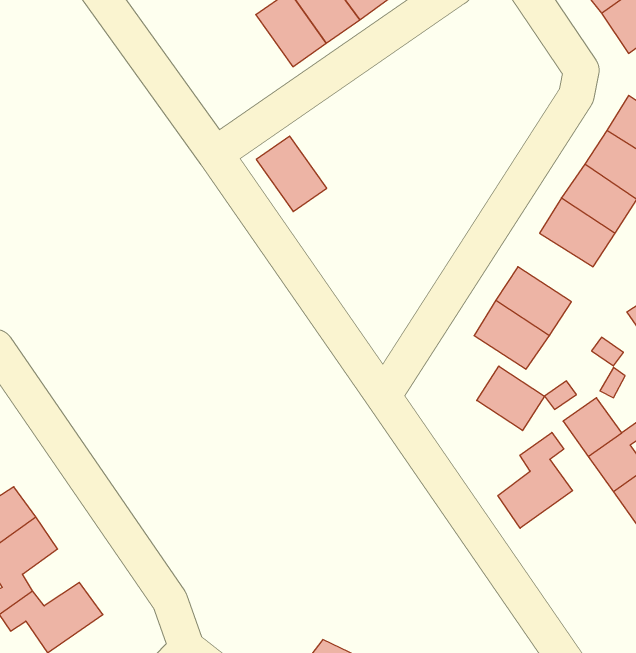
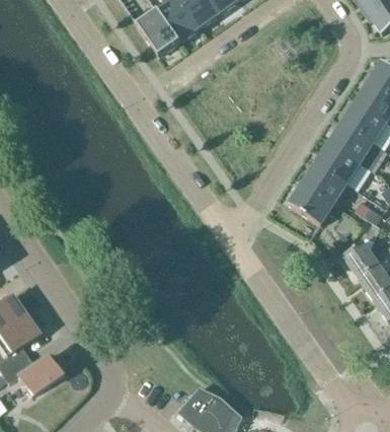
building: [256,136,327,212] -> [137,10,179,56]
building: none -> [315,142,361,184]
building: [477,366,545,431] -> none
building: [498,432,573,528] -> none

